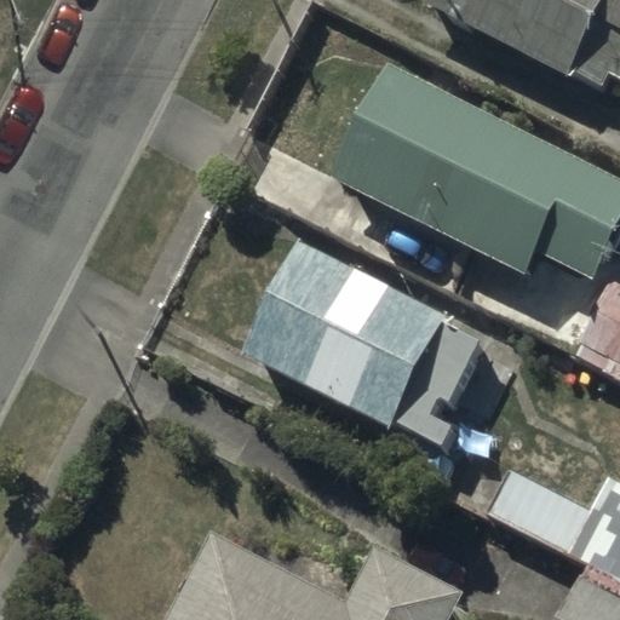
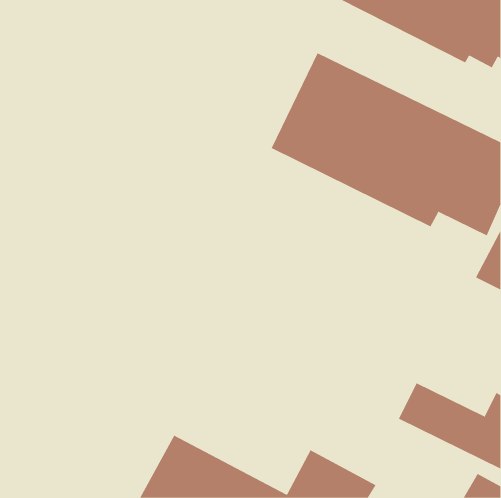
building: [251,243,482,446] -> none

